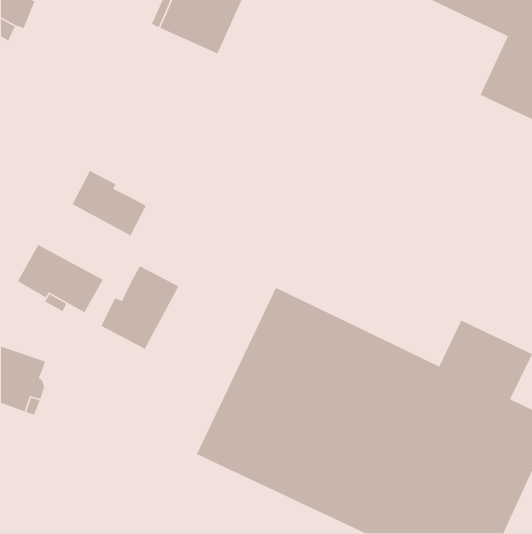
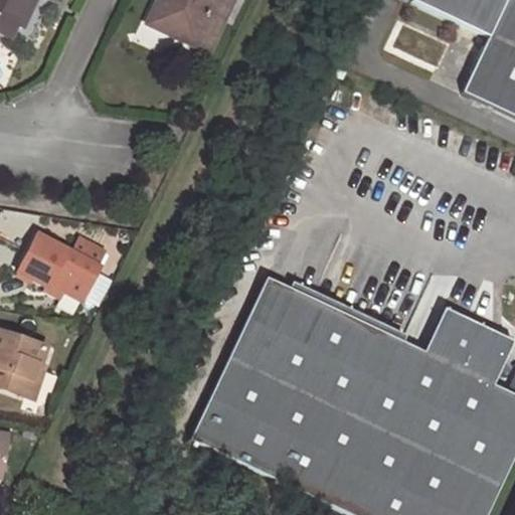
building: [72,170,147,236] -> none
building: [100,265,180,350] -> none

